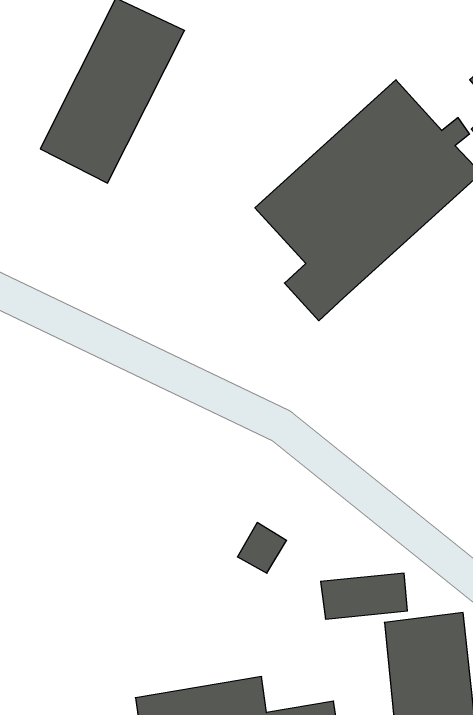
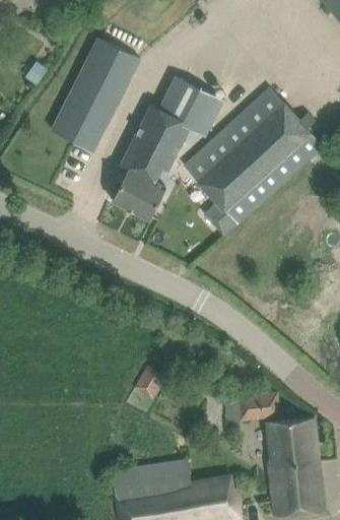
building: none -> [113,74,224,220]
building: [237,523,287,573] -> [135,367,165,398]

